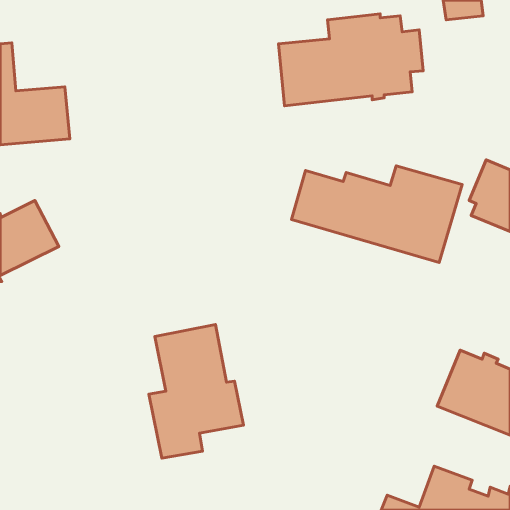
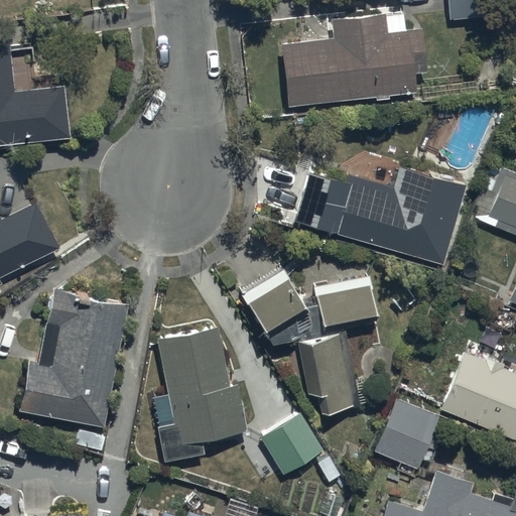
building: none -> [241,270,377,416]
building: none -> [19,289,128,427]
building: none -> [374,399,440,469]
building: none -> [261,411,326,474]

